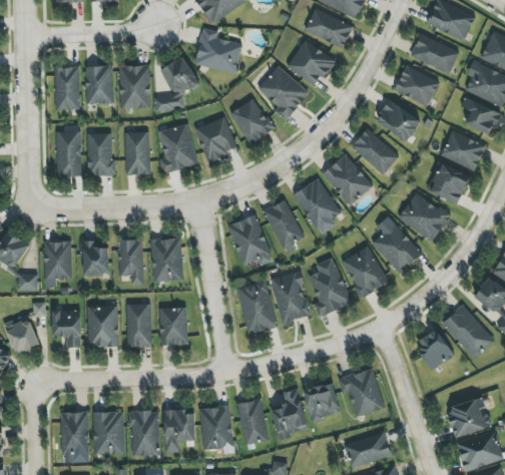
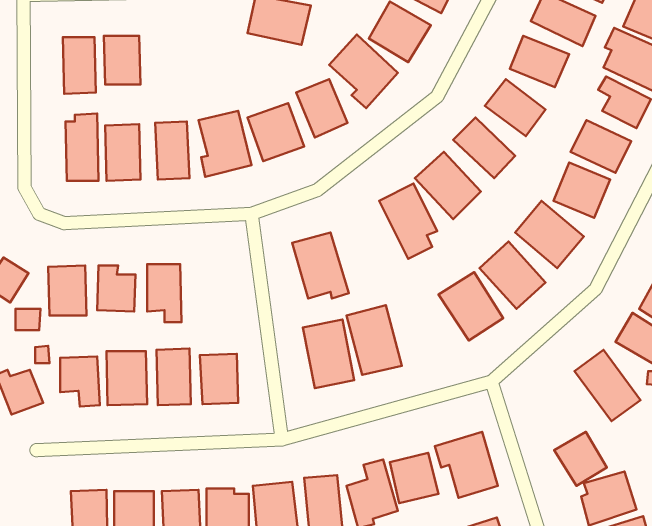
building: [154,56,197,111] -> none
building: [119,65,150,108] -> none
building: [264,199,304,255] -> none
building: [151,238,183,281] -> none
building: [308,257,352,317] -> none
building: [414,329,454,370] -> [554,432,607,486]

